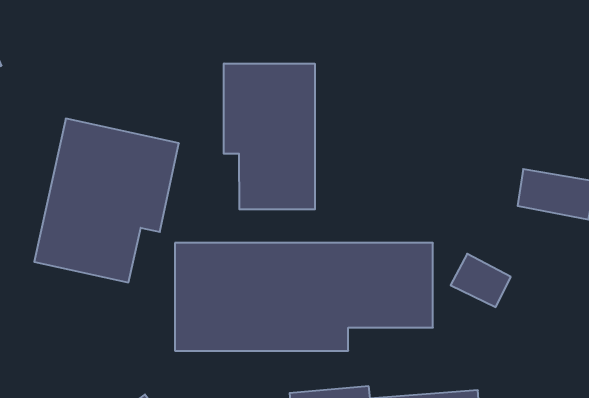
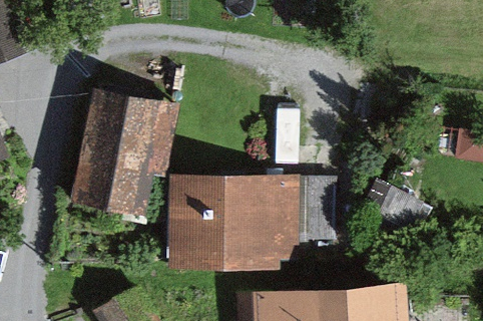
building: [224,63,315,209] -> none

